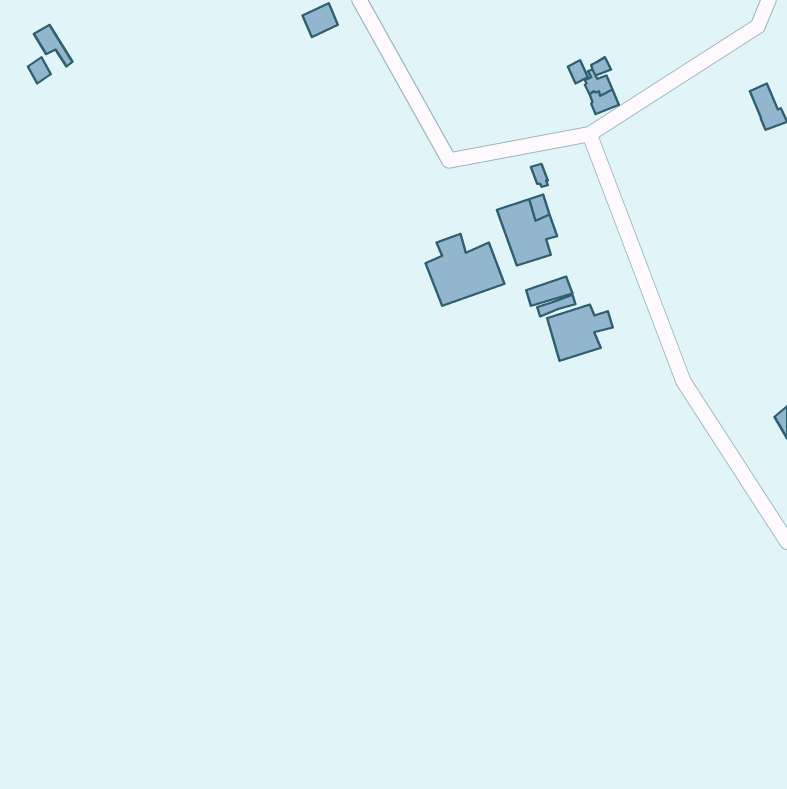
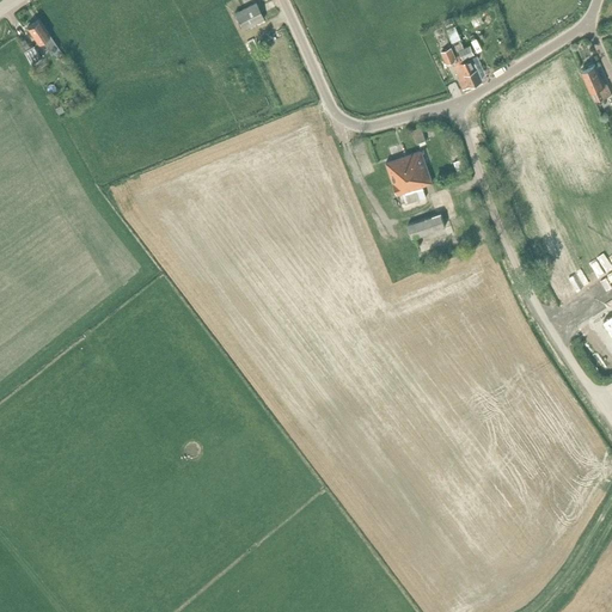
building: [425,234,505,306] -> none
building: [547,304,613,361] -> none

